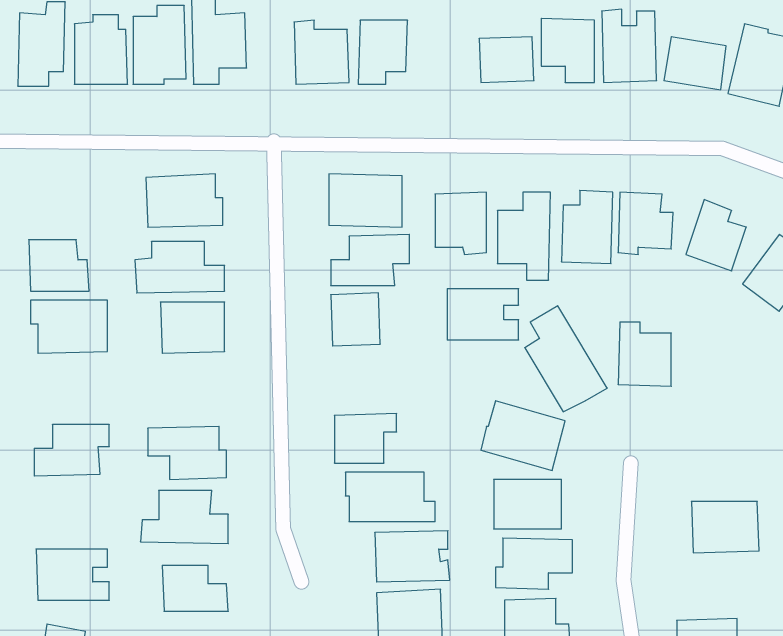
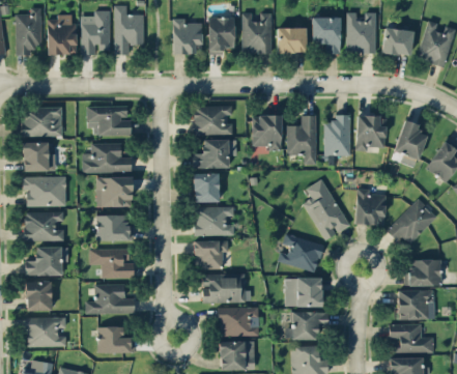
building: none -> [241,12,273,54]
building: none -> [22,107,62,137]
building: [447,289,519,340] -> [194,206,234,235]
building: none -> [385,199,436,243]
building: none -> [24,210,64,240]
building: none -> [95,214,135,240]
building: none -> [402,259,441,286]
building: none -> [26,281,53,311]
building: none -> [390,323,433,352]

